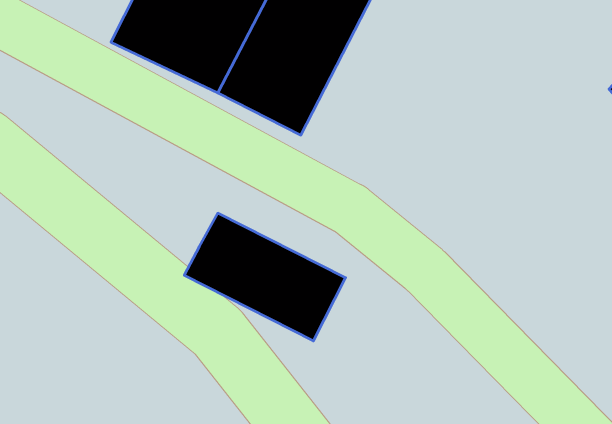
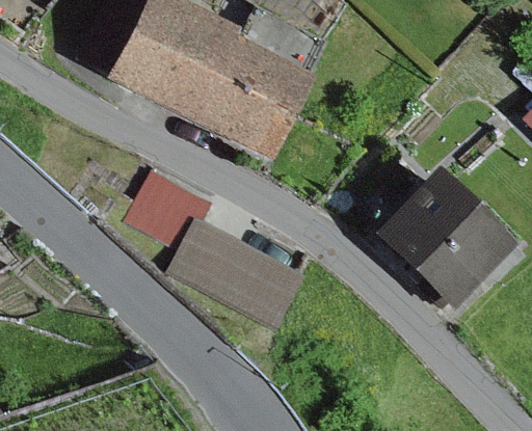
building: none -> [128,168,210,247]
building: none -> [376,170,516,311]

